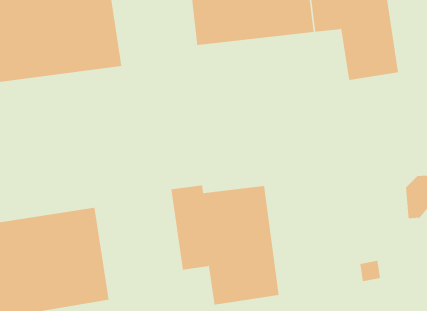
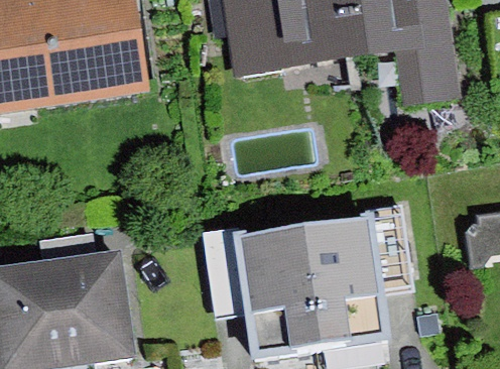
building: none -> [309,202,411,349]

